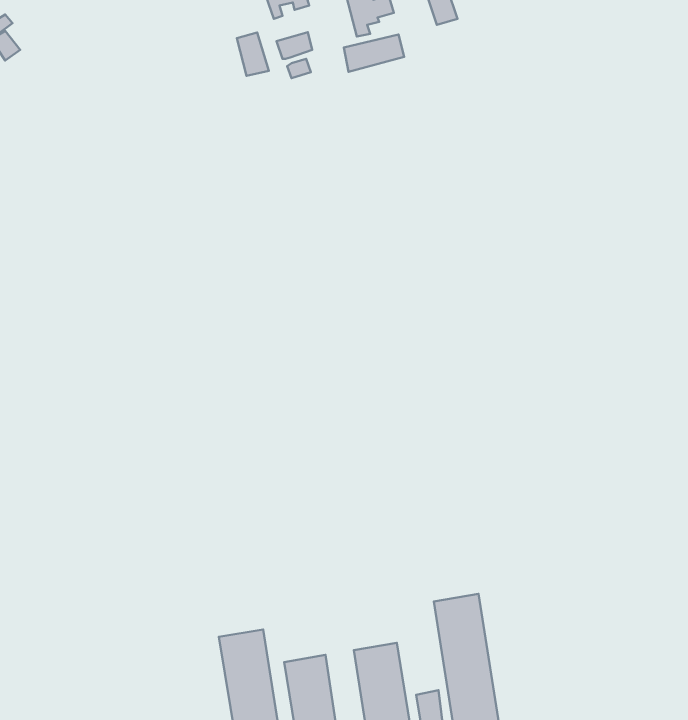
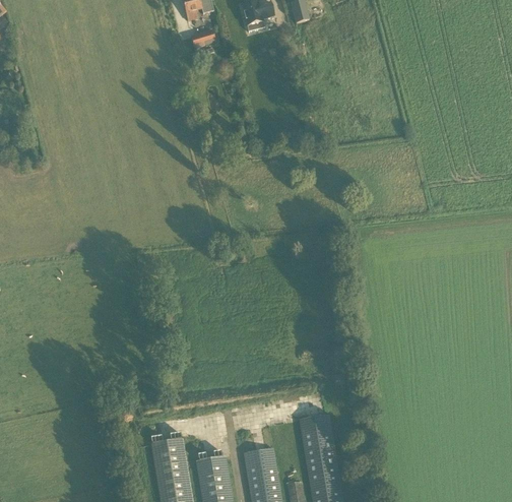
building: [237,32,269,76] -> none
building: [344,35,404,72] -> none

